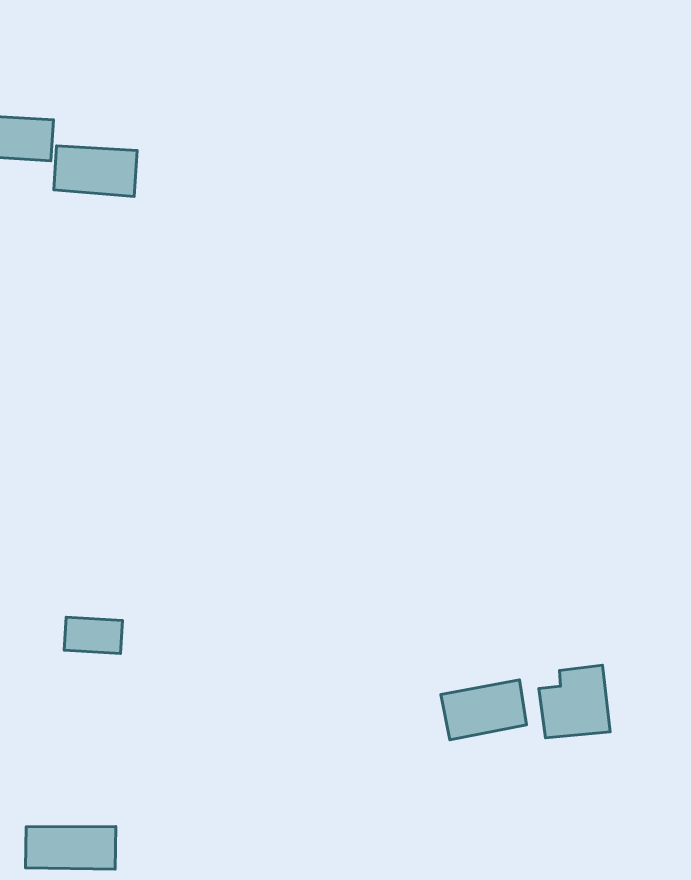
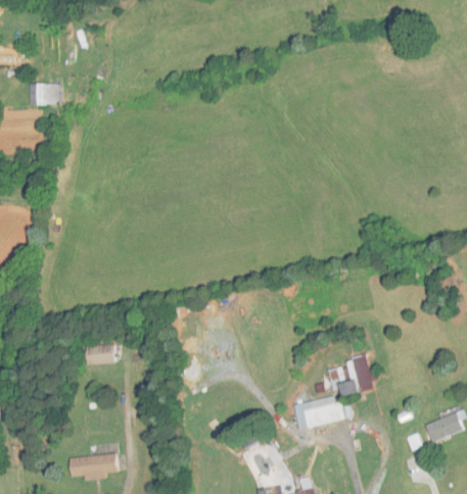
building: [54,146,137,197] -> none
building: [441,680,527,740] -> [292,395,338,429]

